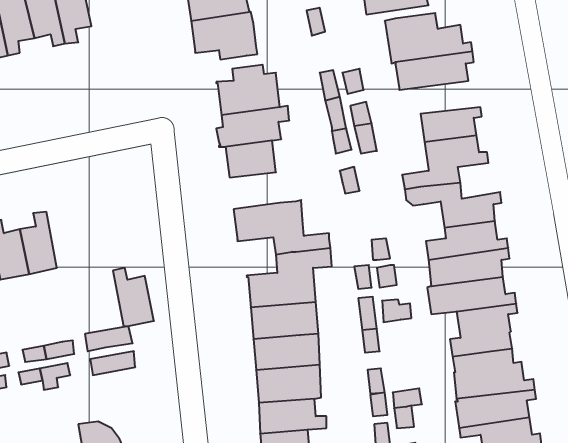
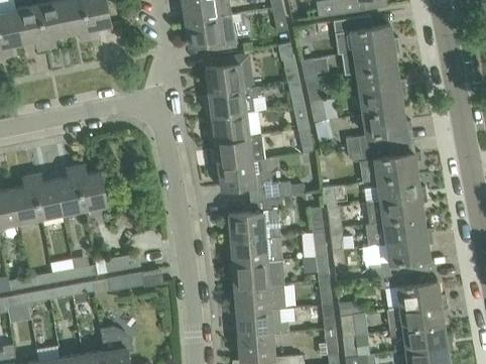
building: none -> [344,67,405,92]
building: none -> [215,134,265,164]
building: [113,268,154,326] -> [76,164,107,209]

